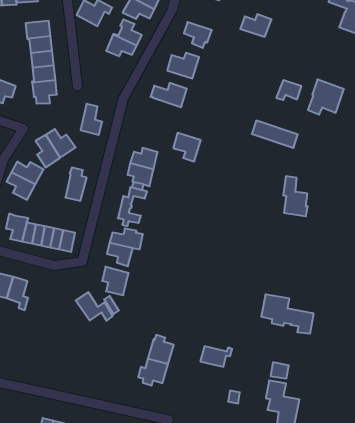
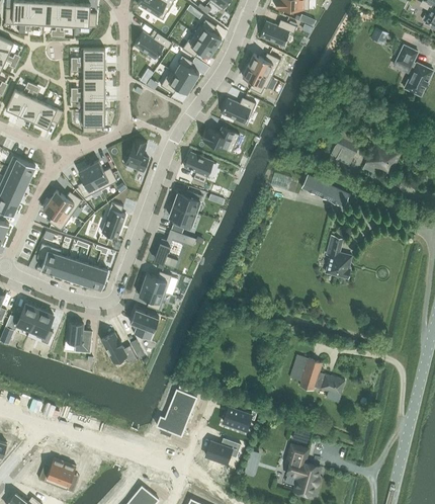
building: [240,14,272,37] -> [248,53,281,77]
building: [173,133,201,161] -> [184,152,213,183]
building: none -> [65,323,93,353]
building: none -> [203,440,239,466]

